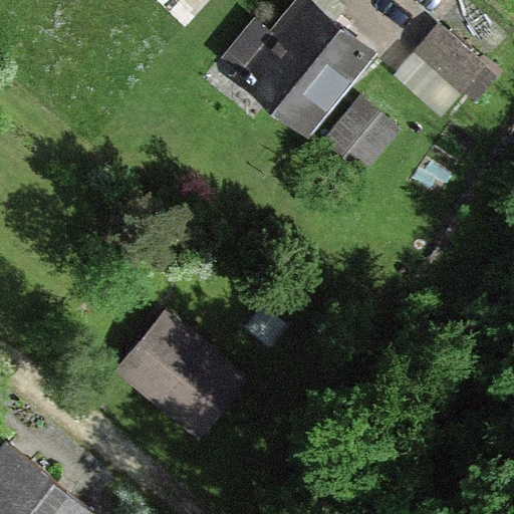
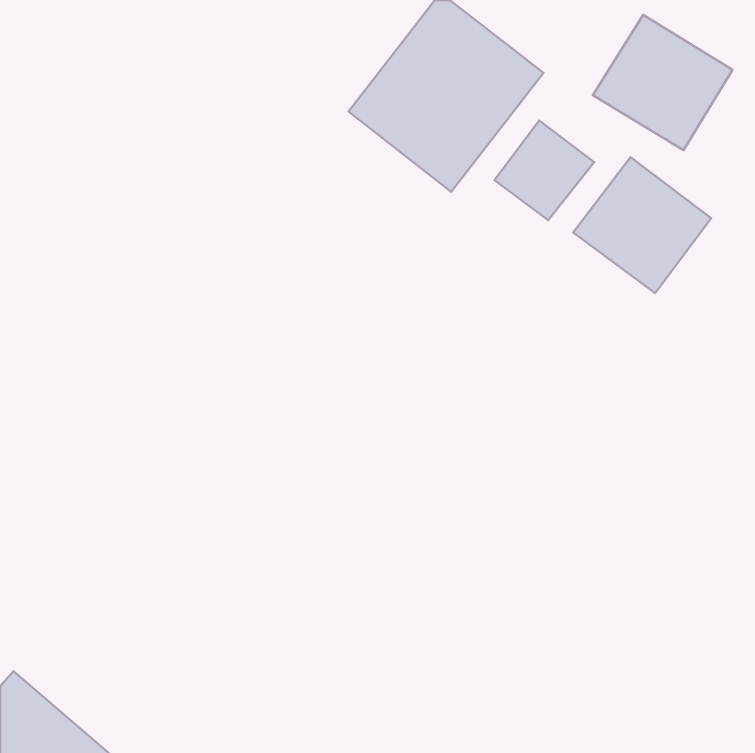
building: none -> [573,157,711,293]
building: [117,316,221,419] -> none

